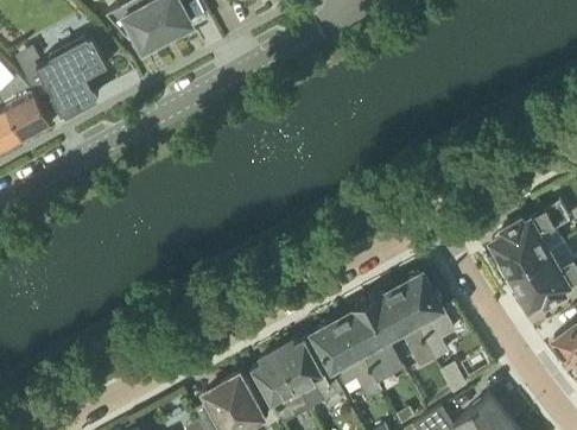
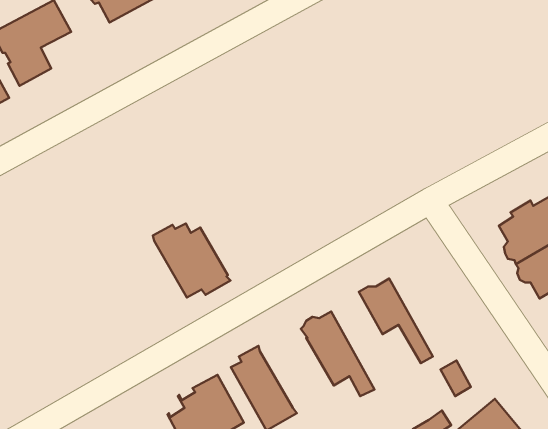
building: [393,273,446,359] -> none
building: [341,301,397,388] -> none
building: [275,339,345,405] -> [153,224,231,298]

